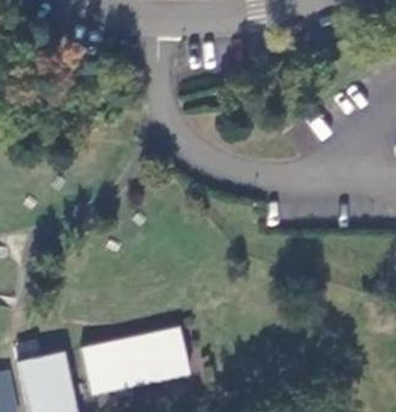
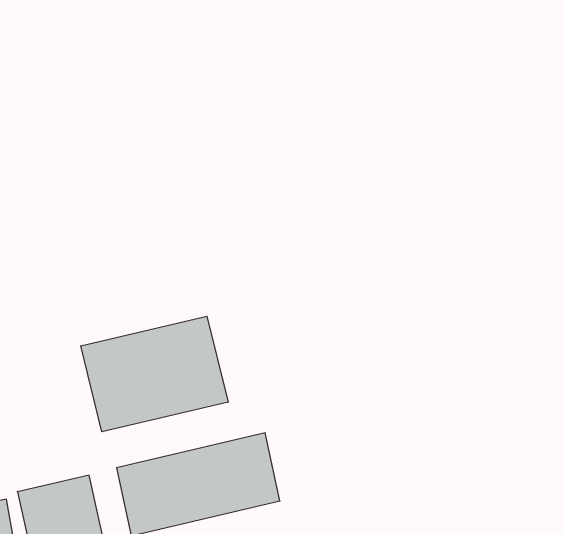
building: none -> [81,316,228,432]

